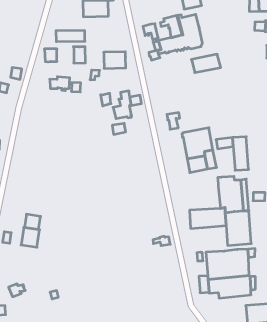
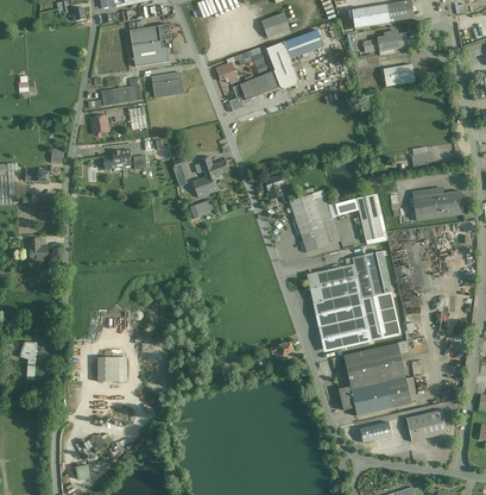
building: [104,52,126,68] -> [152,71,184,98]
building: [191,54,221,73] -> [284,30,324,58]
building: none -> [307,265,354,302]
building: none -> [318,315,371,352]

